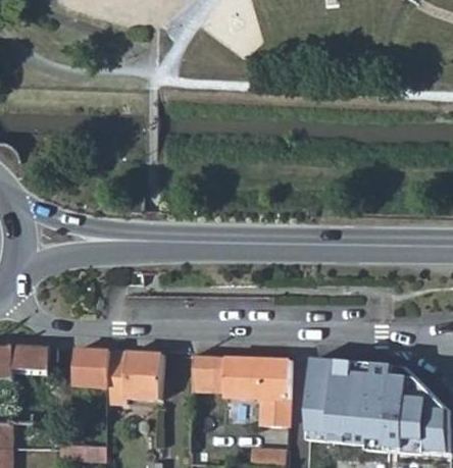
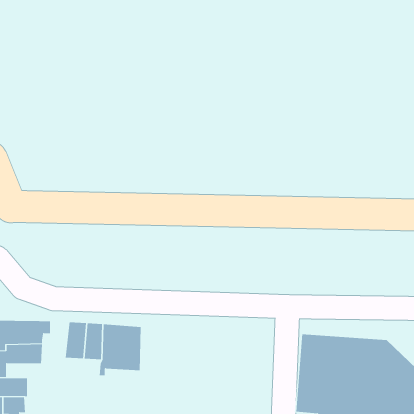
building: [192,354,290,427] -> none

